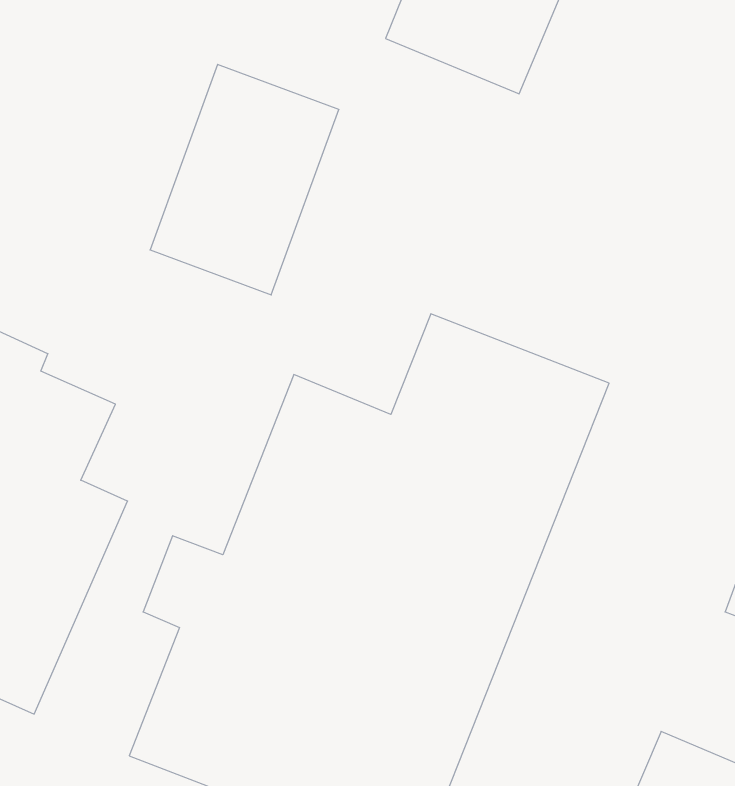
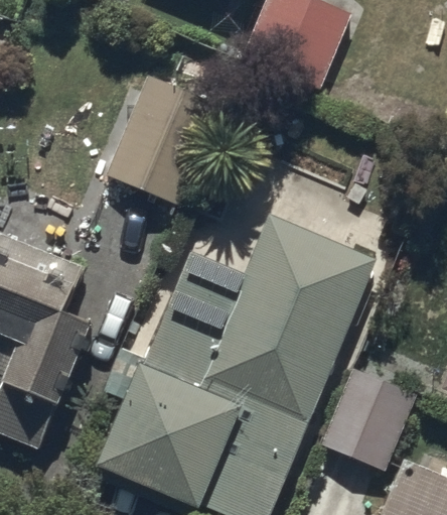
building: none -> [323,370,415,468]

